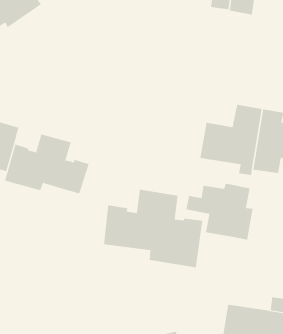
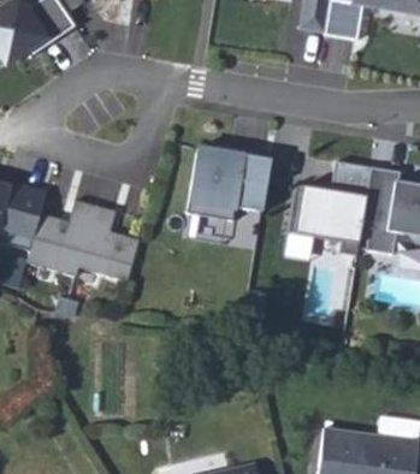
building: none -> [187,142,272,219]
building: [186,183,253,241] -> none
building: [104,189,203,268] -> none

